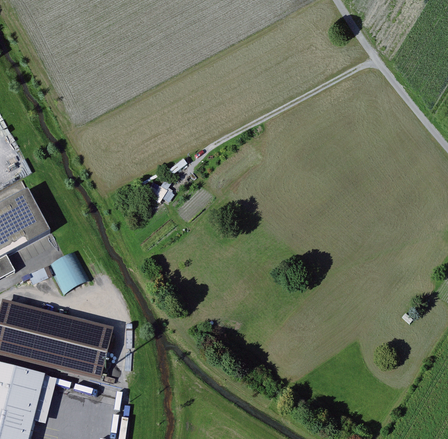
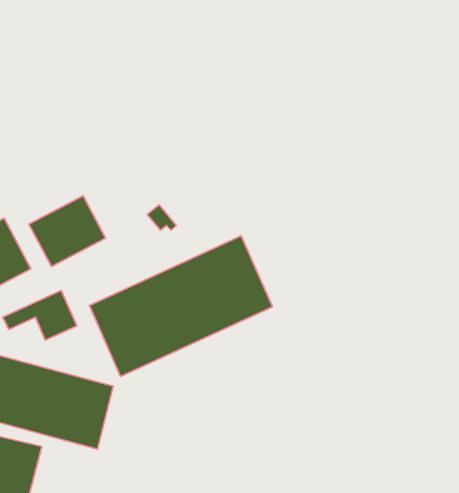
building: none -> [29,196,106,267]
building: none -> [89,236,272,377]

